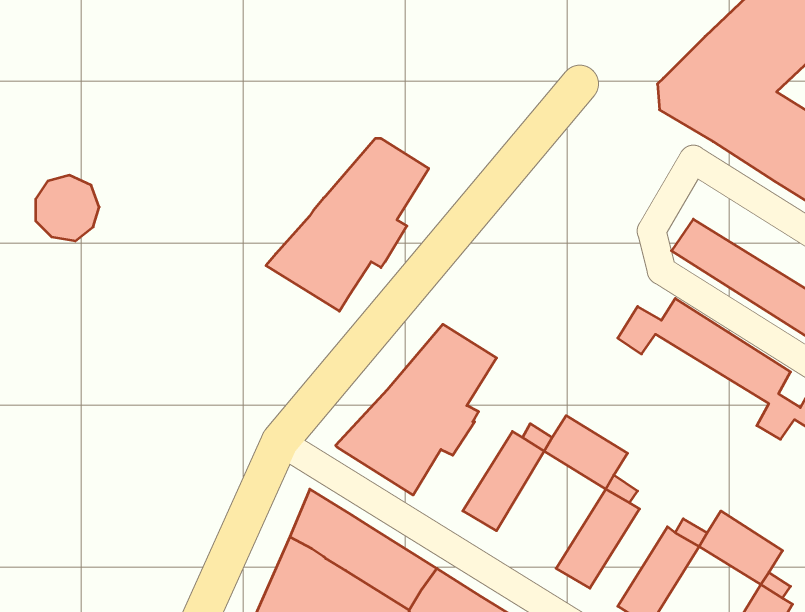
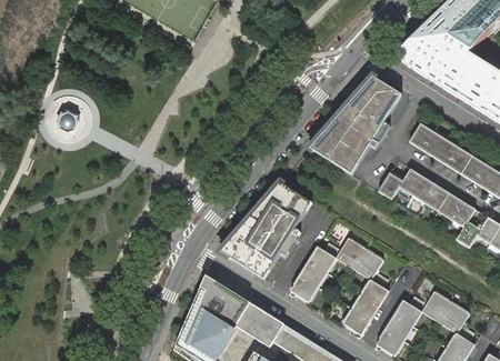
building: [266,139,429,311] -> [310,77,401,173]

